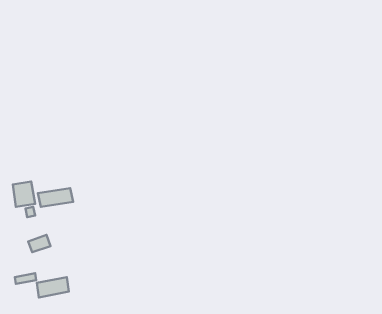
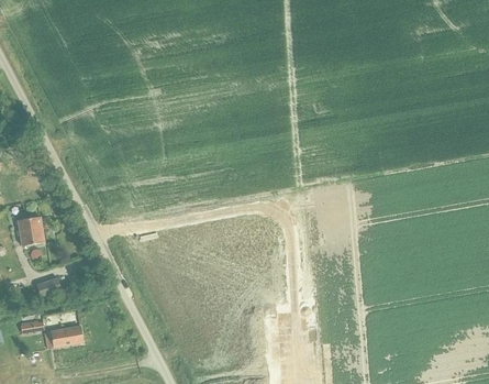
building: [38,188,73,207] -> none

